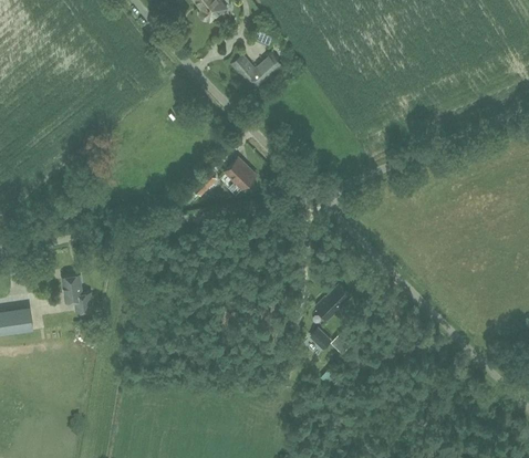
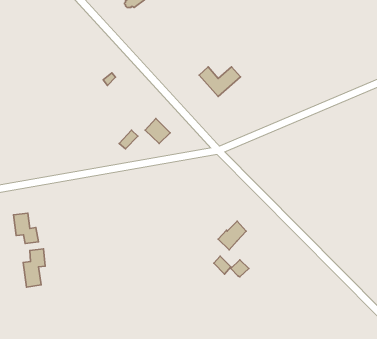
building: [231,53,282,90] -> [199,67,240,96]
building: none -> [23,249,45,287]

